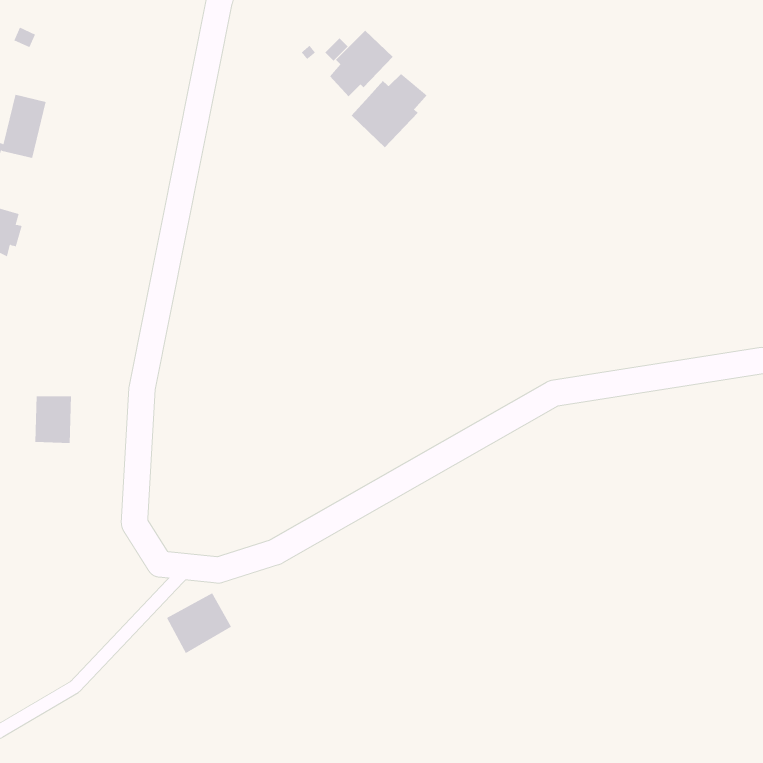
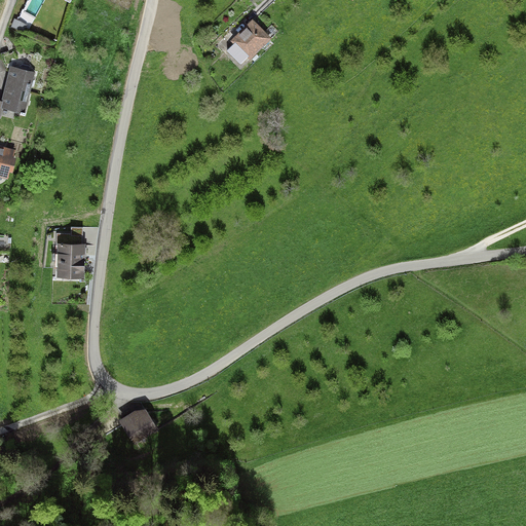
building: [351,73,428,148] -> none
building: [35,396,72,444] -> [58,240,83,273]

